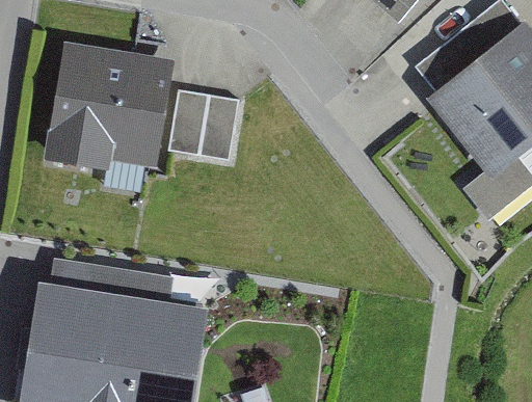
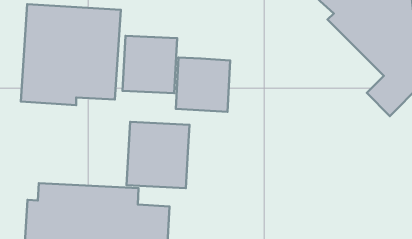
building: none -> [176,57,230,112]
building: none -> [127,122,189,188]

